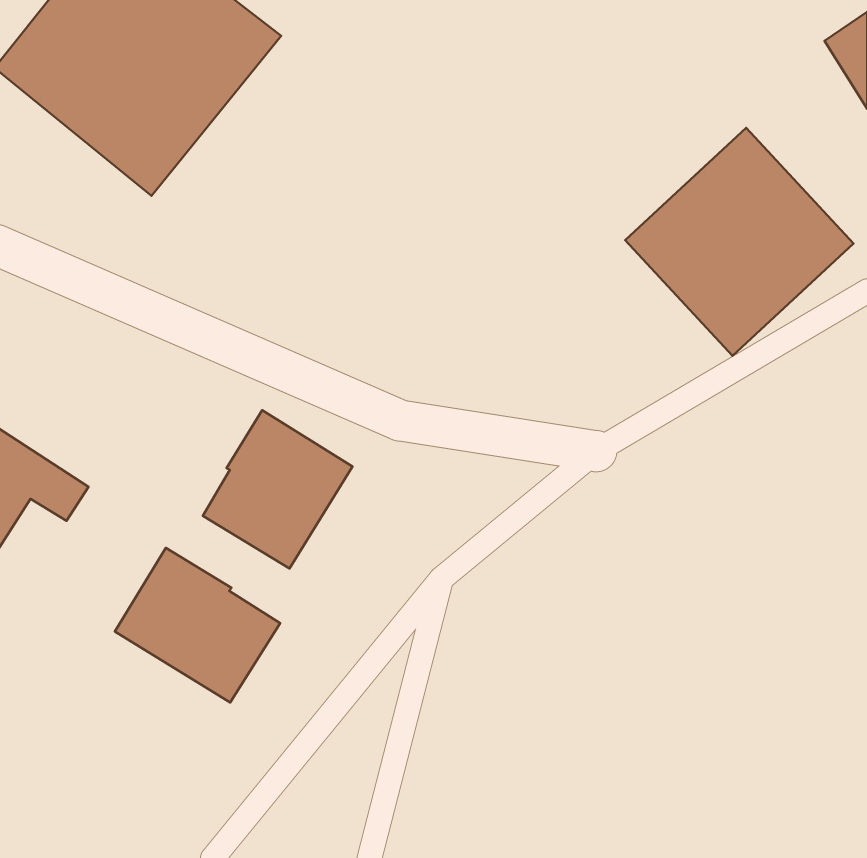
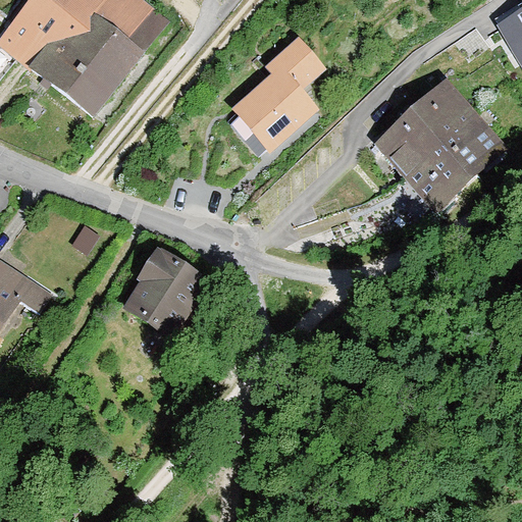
building: none -> [229,36,325,152]
building: [115,548,280,703] -> none

